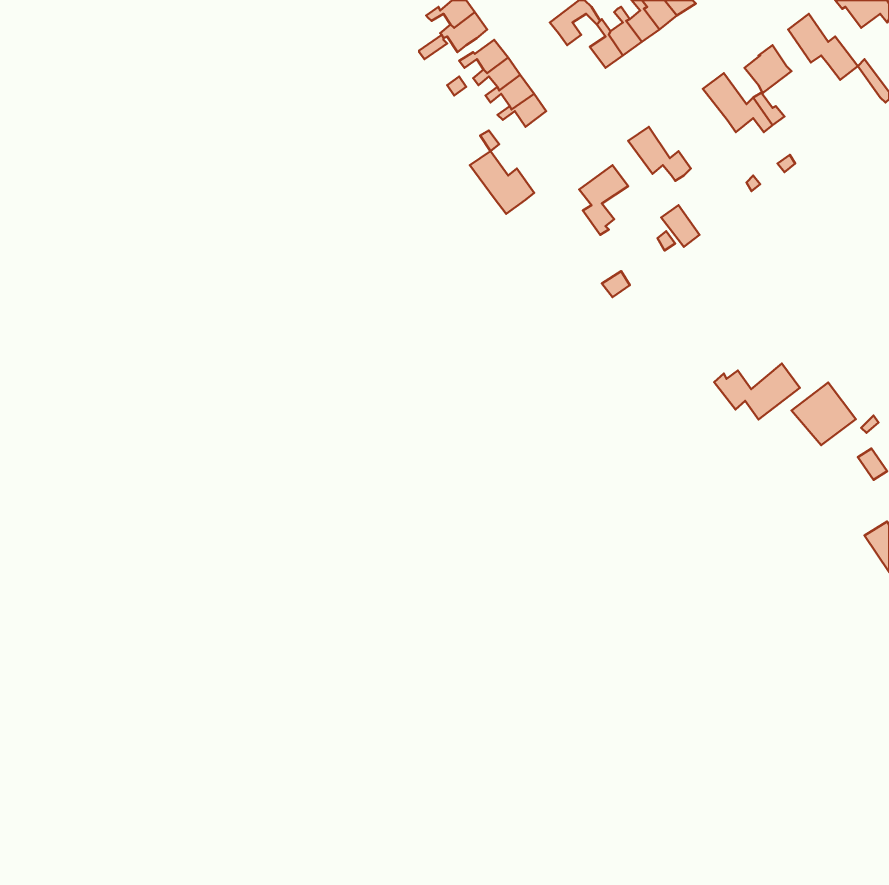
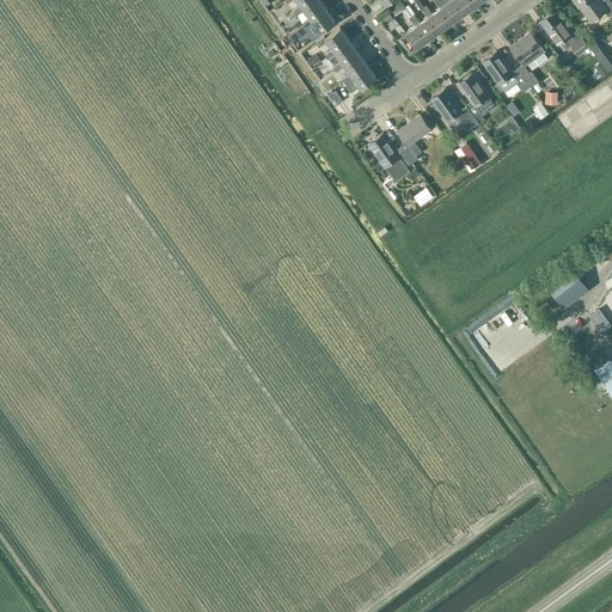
building: none -> [459,74,495,118]
building: [470,151,534,214] -> [368,135,412,178]
building: [714,364,800,419] -> none

